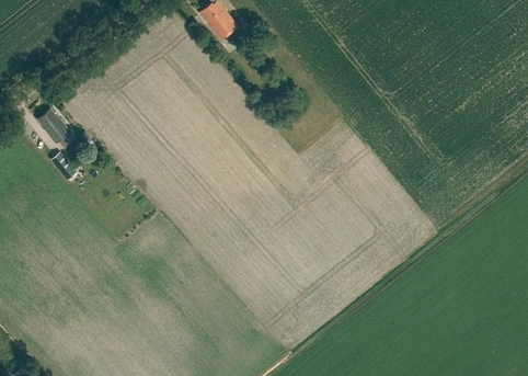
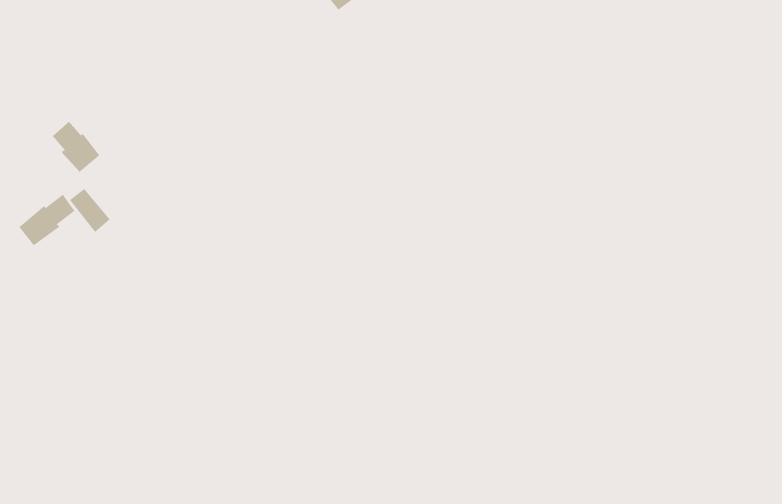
building: none -> [18,194,75,246]

